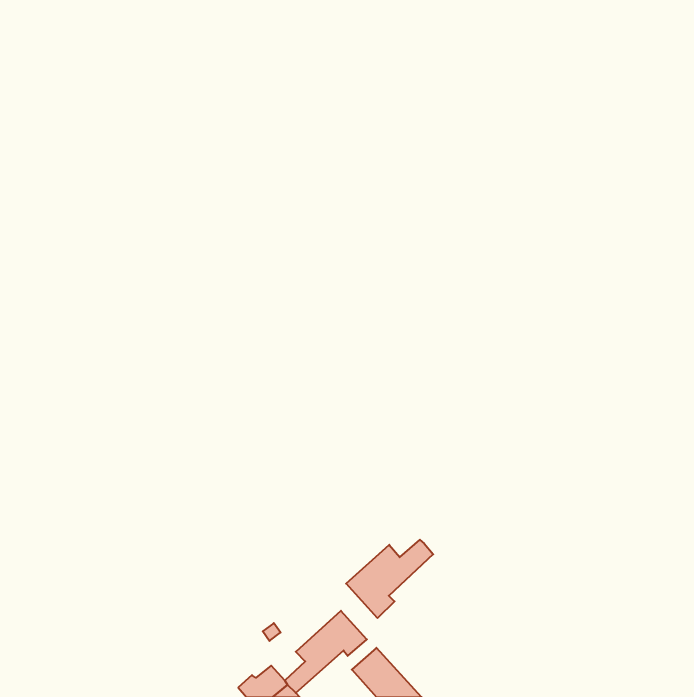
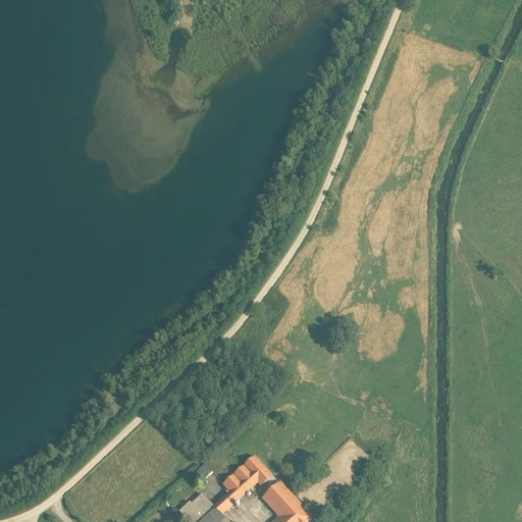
building: [346,540,433,618] -> none

